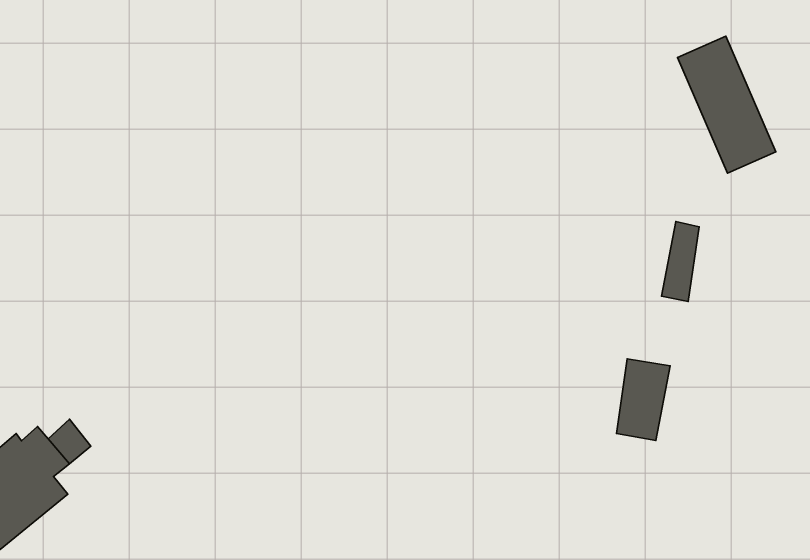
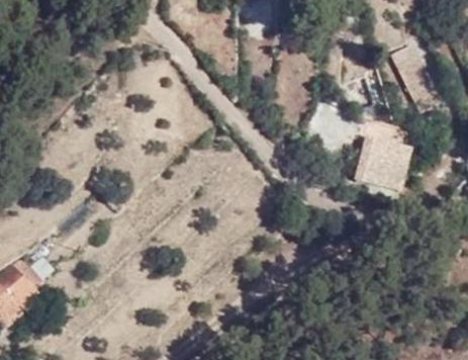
building: [617,359,670,441] -> [358,139,388,185]

